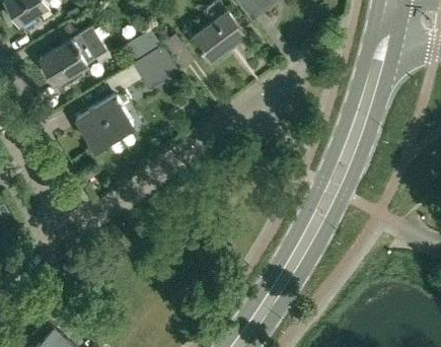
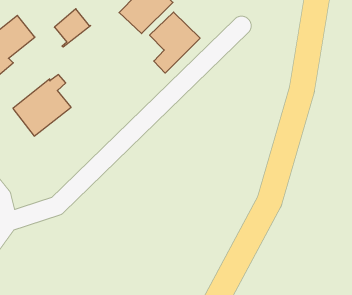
building: none -> [150,12,200,73]
building: [133,47,172,80] -> none

